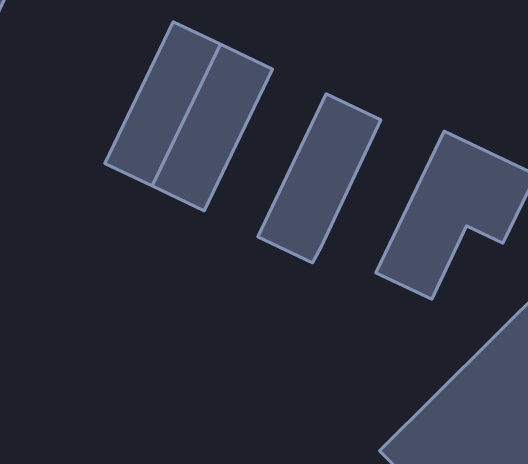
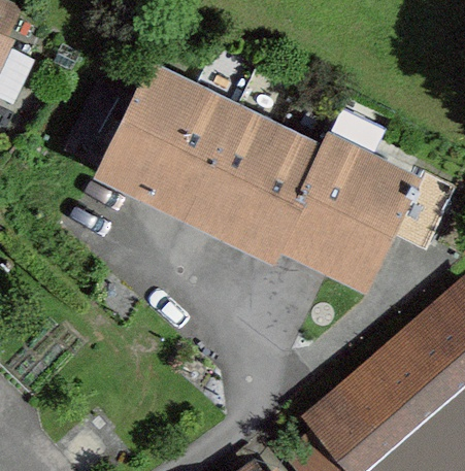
building: none -> [174,101,275,240]
building: none -> [271,131,373,270]

